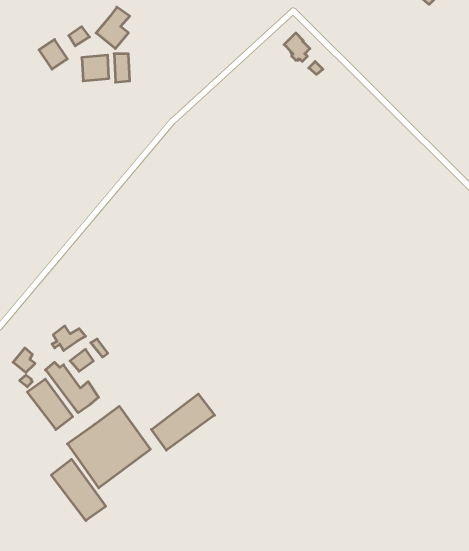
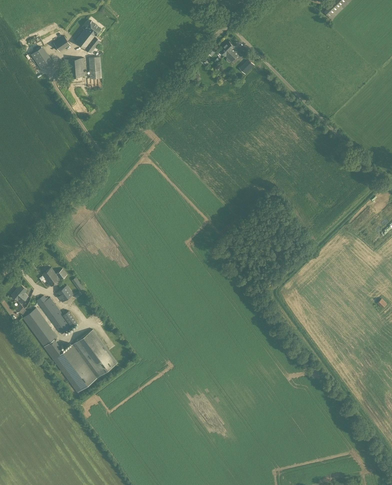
building: [151,394,215,450] -> none
building: [51,459,106,521] -> none

